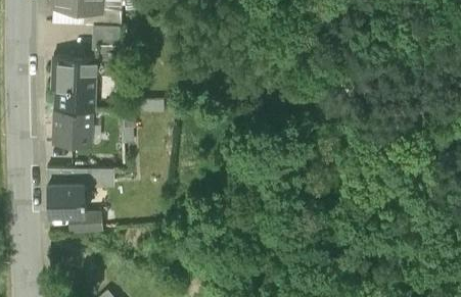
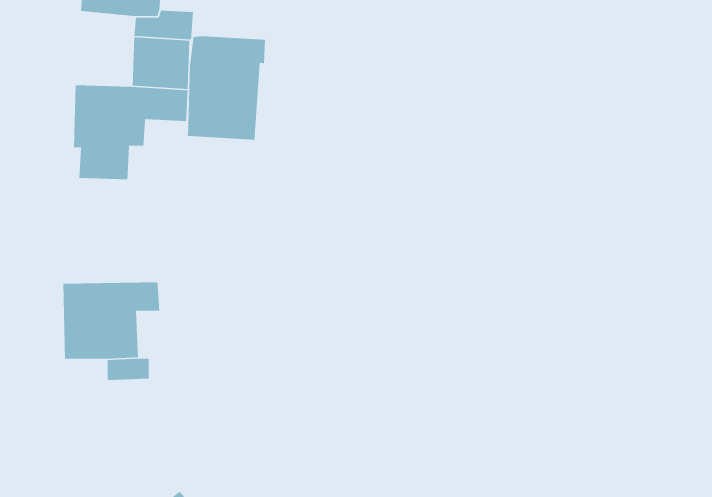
building: none -> [187,35,266,141]
building: [54,111,92,148] -> none

